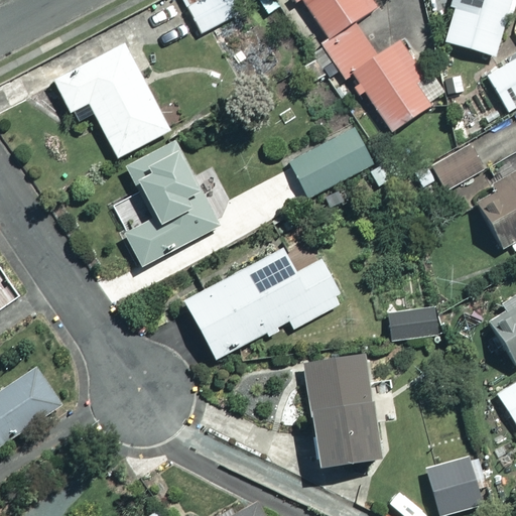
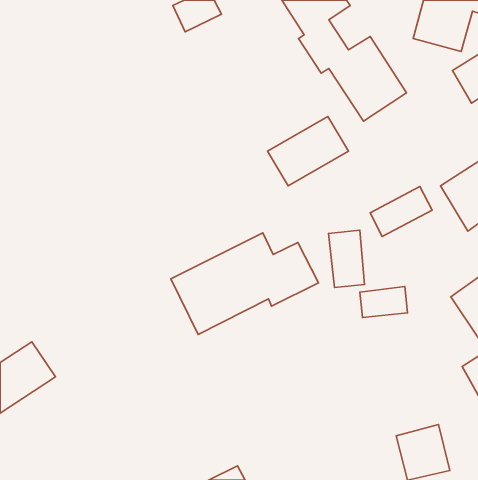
building: [54,42,170,157] -> none
building: [125,140,220,266] -> none
building: [416,146,483,200] -> [370,187,432,236]
building: none -> [329,230,365,288]
building: [304,354,378,465] -> none

